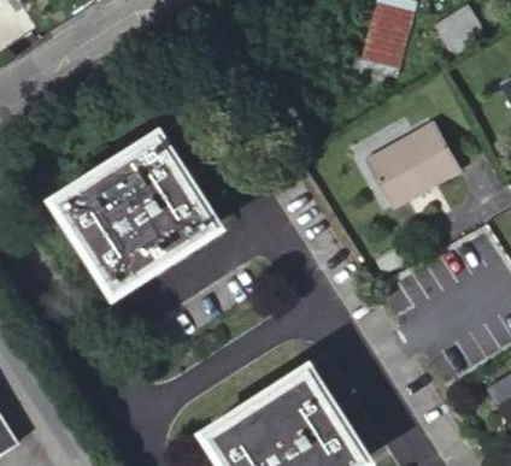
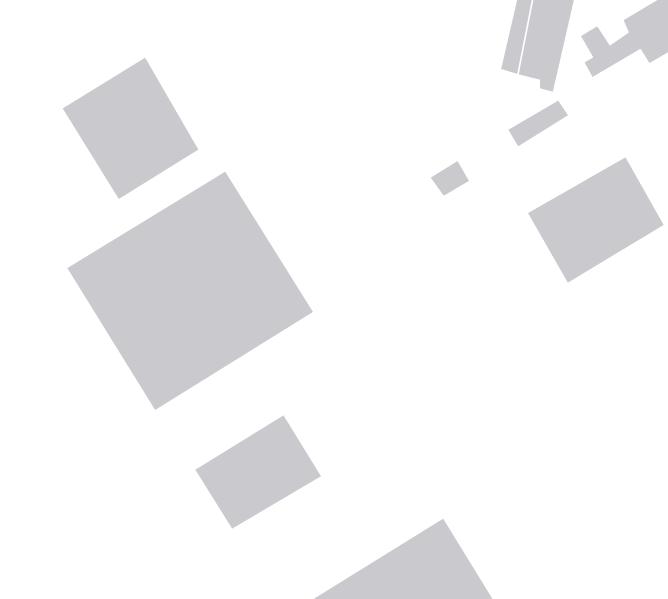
building: none -> [62,57,200,200]
building: none -> [194,414,322,530]

